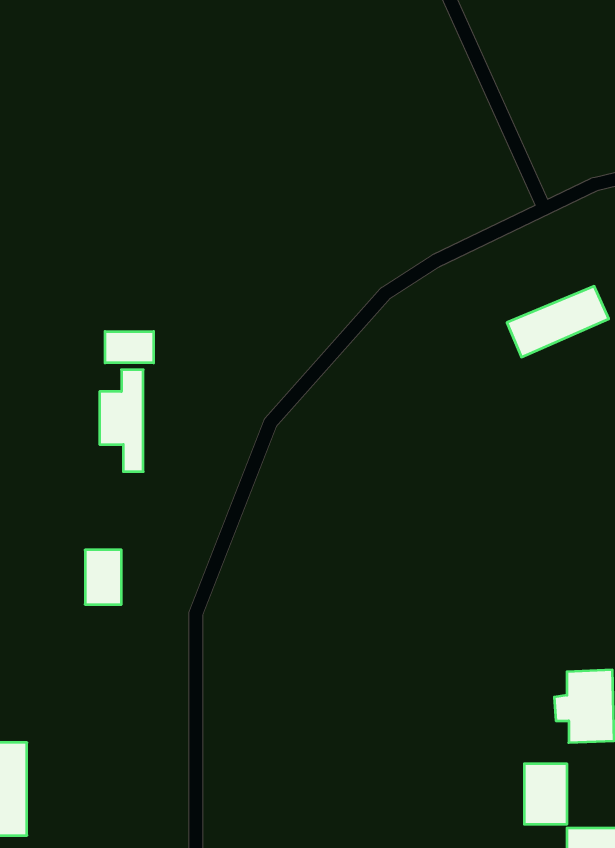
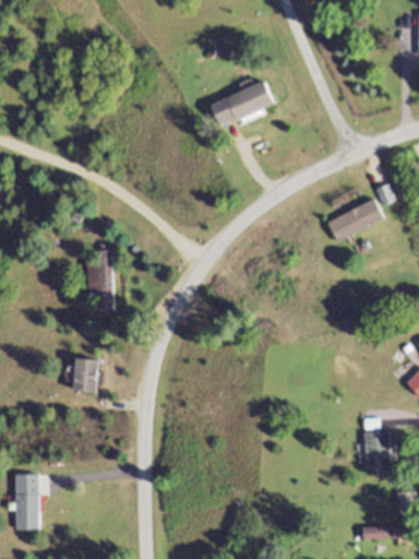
building: none -> [208,81,274,127]
building: [105,331,154,363] -> none
building: [524,764,567,824] -> none

